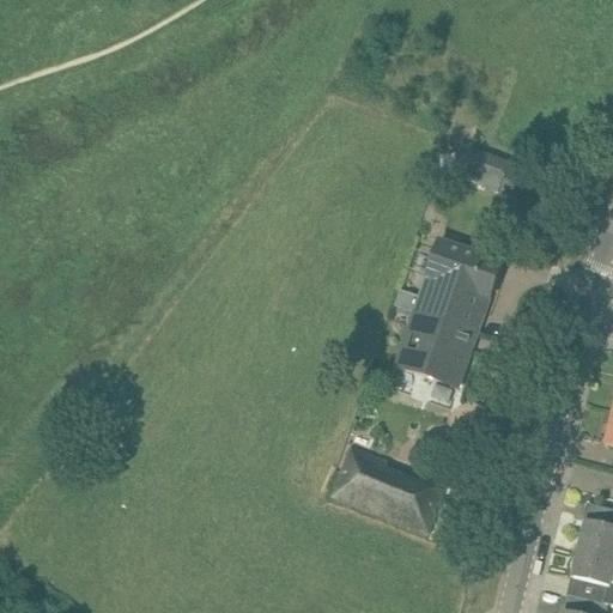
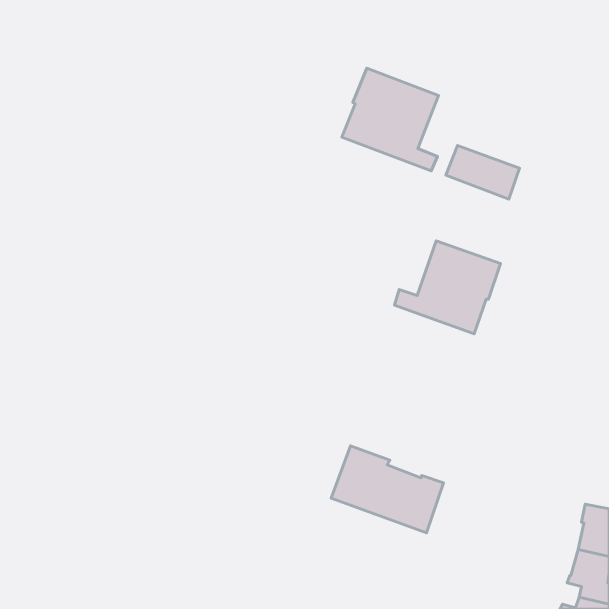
building: none -> [342,68,439,171]
building: [394,312,477,390] -> none

